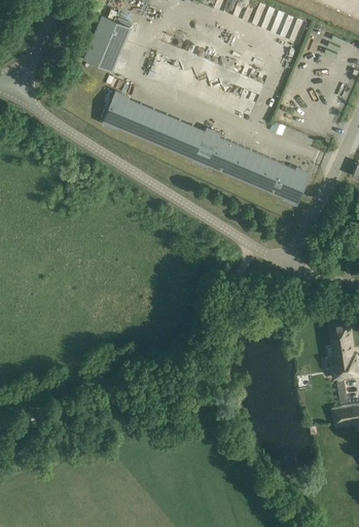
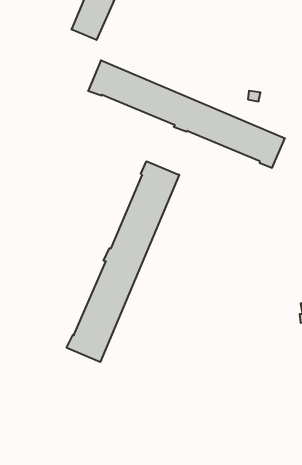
building: none -> [67,161,179,362]

